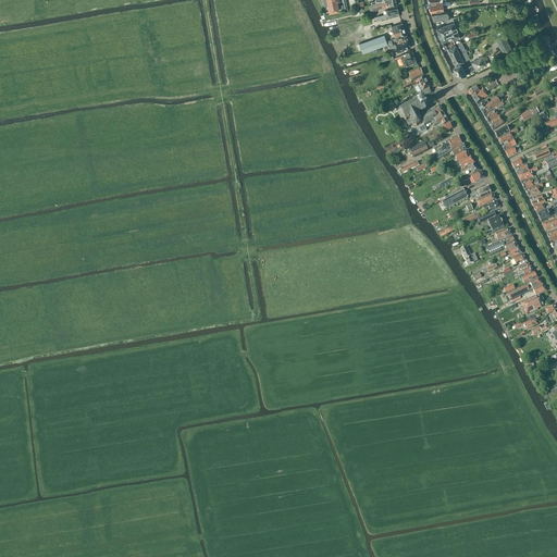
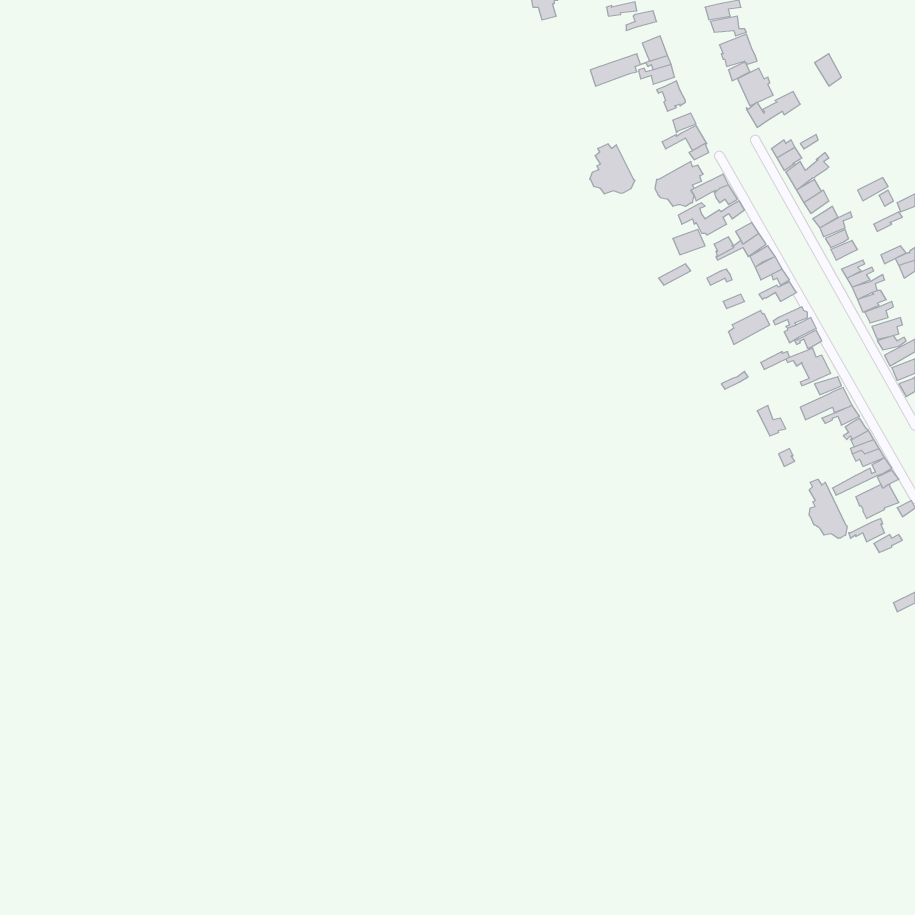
building: none -> [590,144,635,194]
building: none -> [809,479,847,538]

